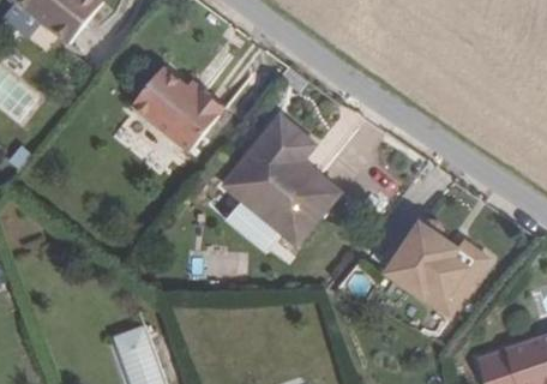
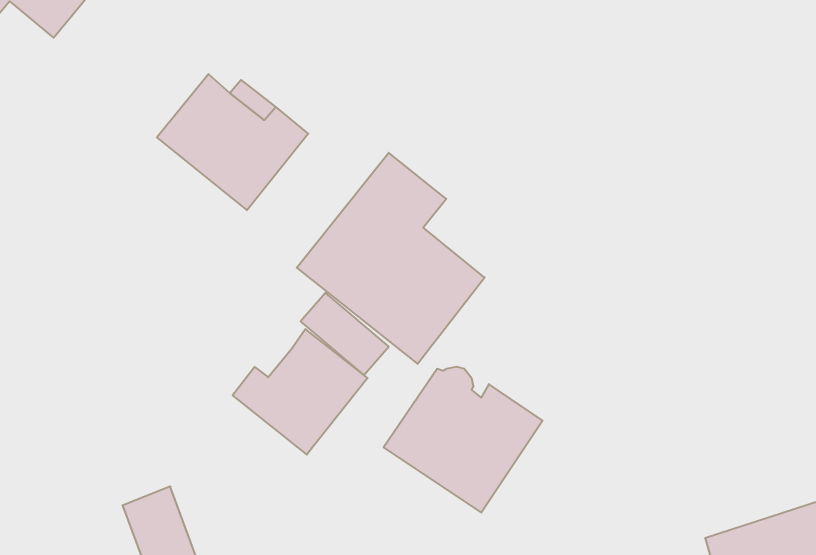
building: [385,224,485,316] -> [384,367,543,513]
building: none -> [233,329,368,455]

